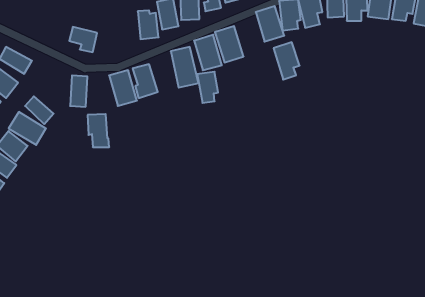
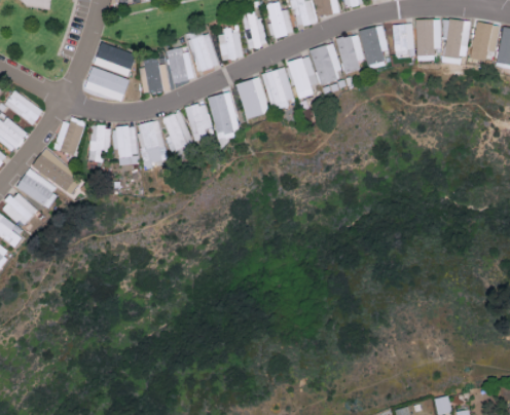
building: none -> [94,44,135,77]
building: none -> [140,59,170,93]
building: [274,42,300,80] -> [286,56,317,101]
building: none -> [53,118,85,157]
building: [197,72,218,103] -> [186,104,211,141]
building: [88,114,109,147] -> [113,126,139,165]

